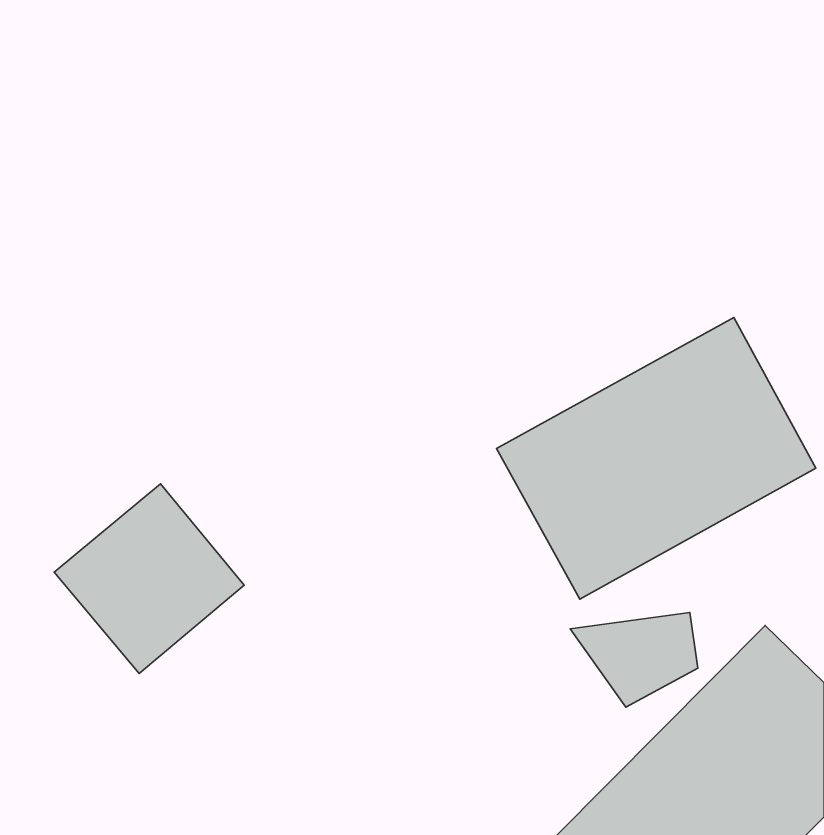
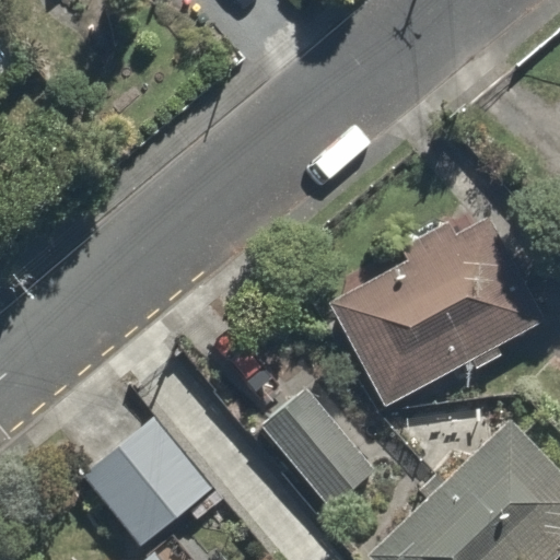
building: [54,484,244,674] -> [82,421,209,548]
building: none -> [255,383,373,508]

